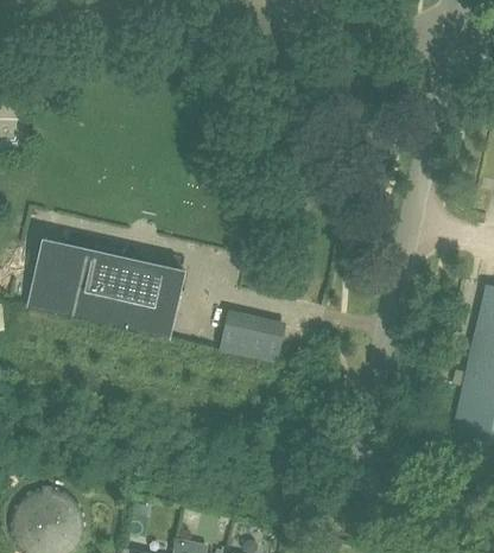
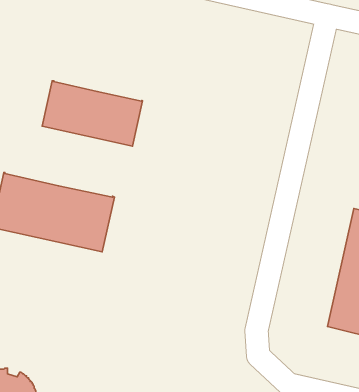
building: none -> [42,81,142,146]
building: [220,319,284,363] -> none

